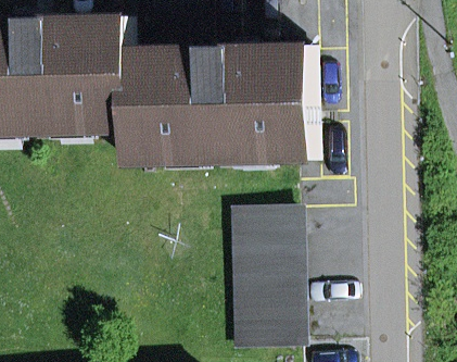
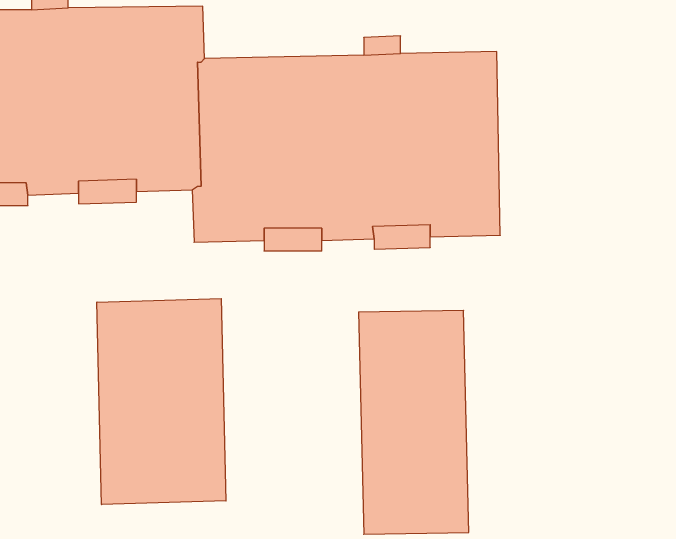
building: none -> [97,299,226,505]

